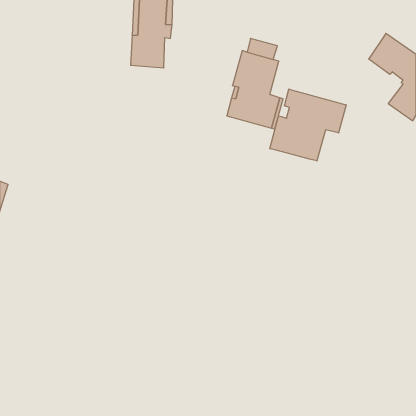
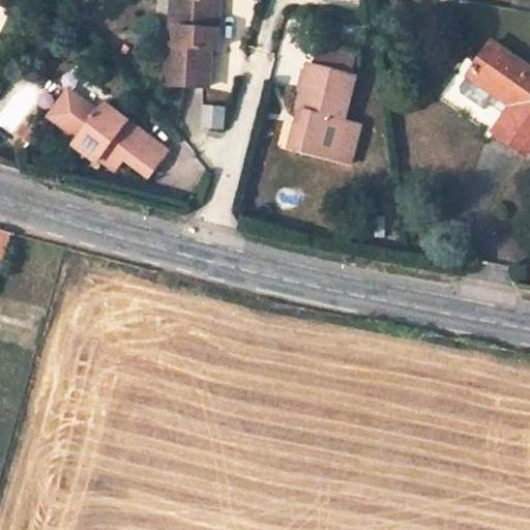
building: none -> [48,91,166,178]
building: [270,89,346,161] -> none

